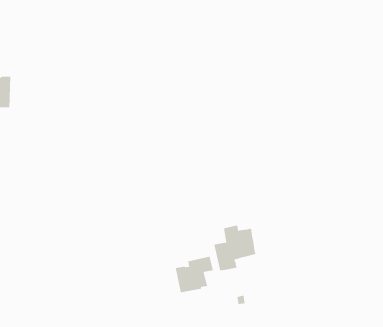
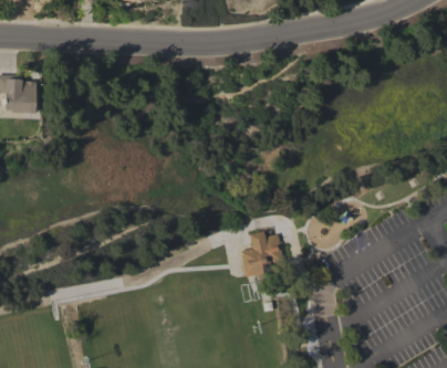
building: [175,256,213,293] -> none

